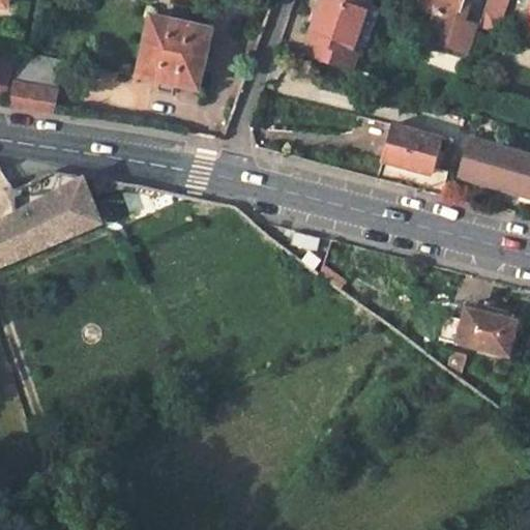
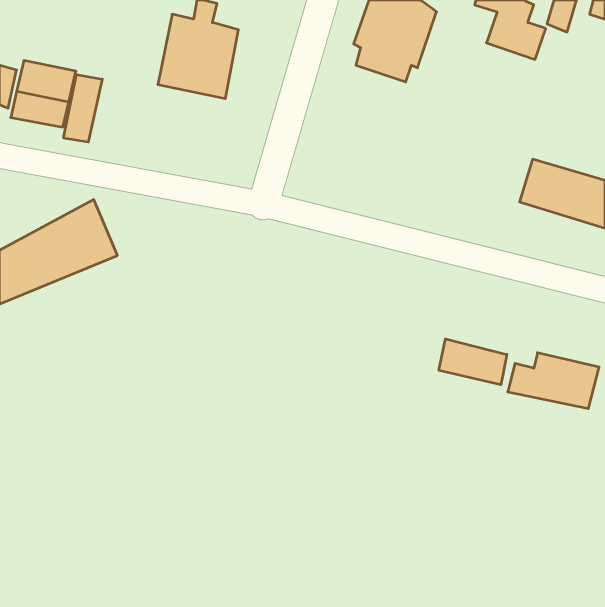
building: none -> [64,75,102,142]
building: [380,122,438,172] -> none
building: none -> [439,339,507,385]

